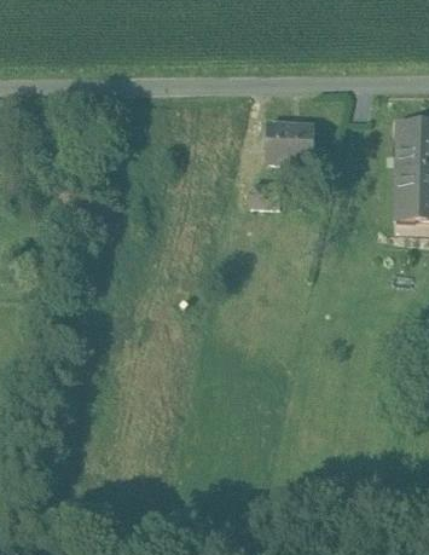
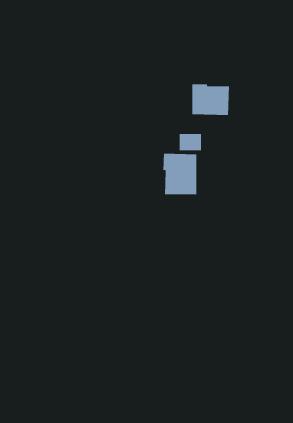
building: none -> [163,153,197,195]

